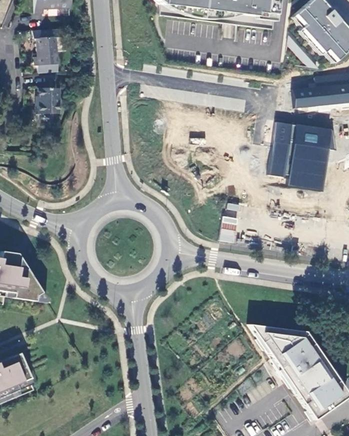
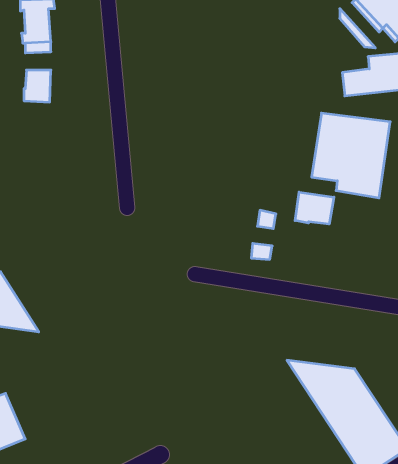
building: none -> [295,192,334,224]

